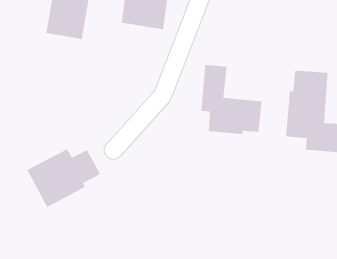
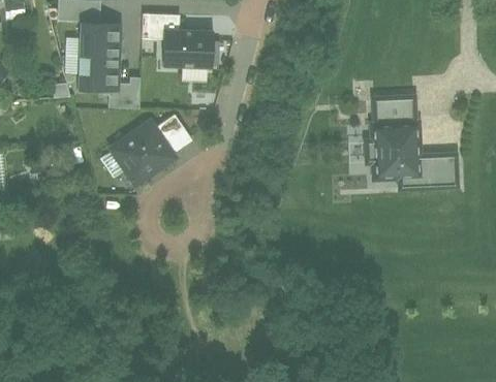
building: [201,64,262,135] -> none
building: [27,148,101,208] -> [105,110,193,186]

